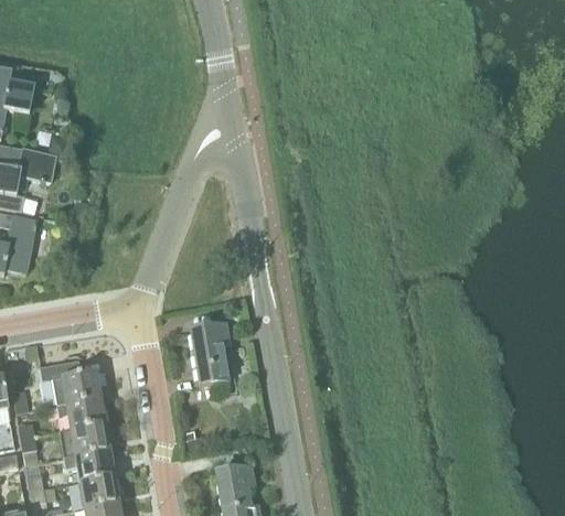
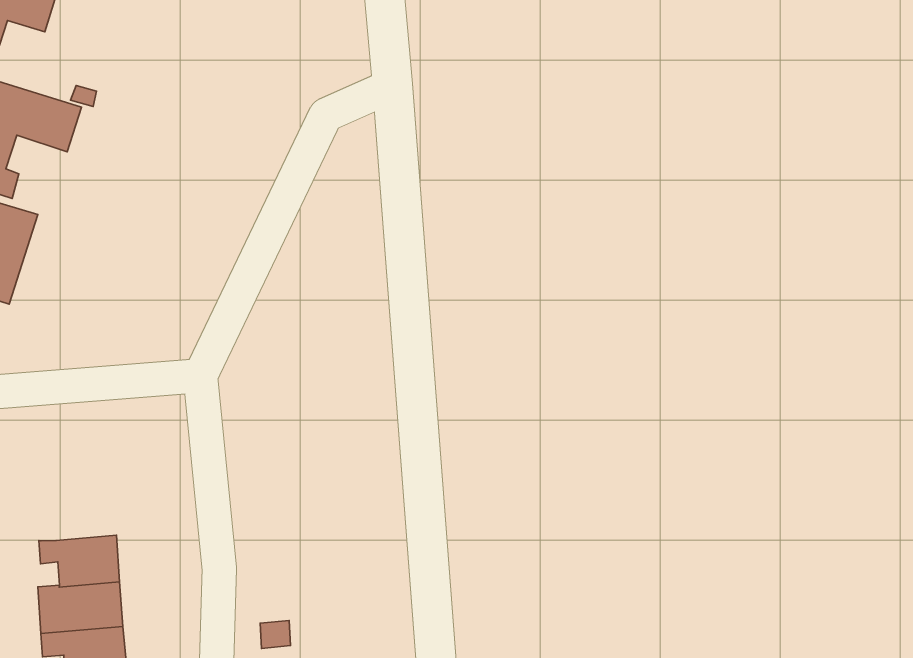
building: [190,323,237,396] -> none
building: [40,359,100,404] -> none

